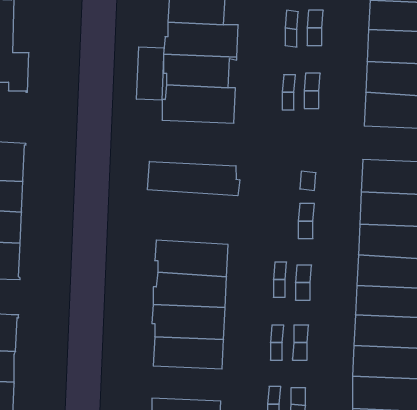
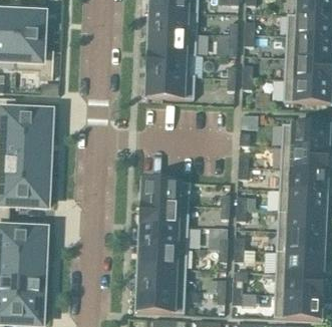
building: [137,47,164,100] -> none
building: [148,161,240,196] -> none
building: none -> [136,265,187,289]

